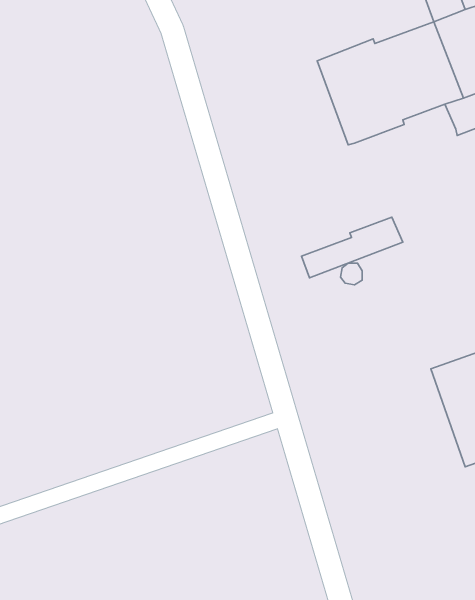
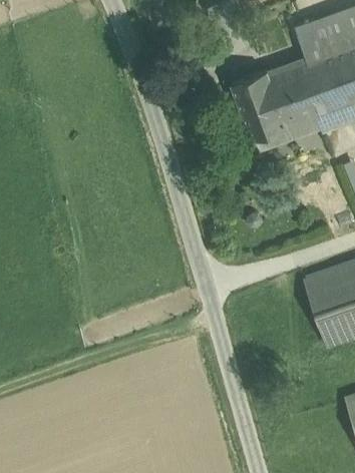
building: [302,217,403,278] -> [256,112,321,151]

